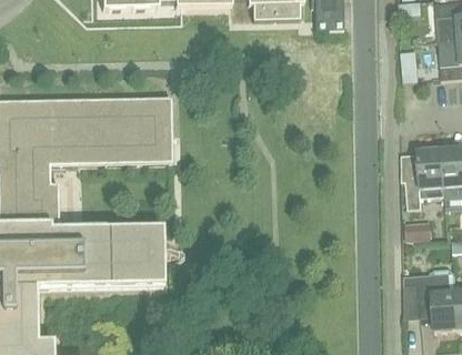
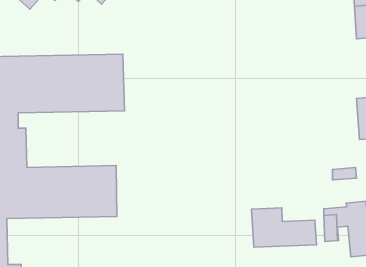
building: [405,142,444,207] -> none
building: none -> [252,208,317,247]

